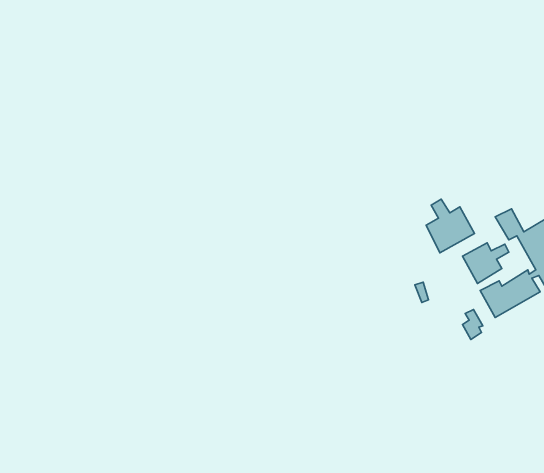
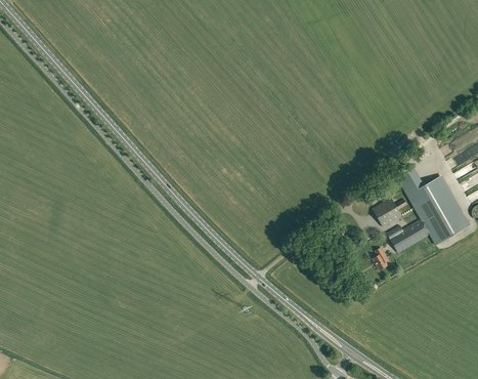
building: [426,199,474,253] -> none

